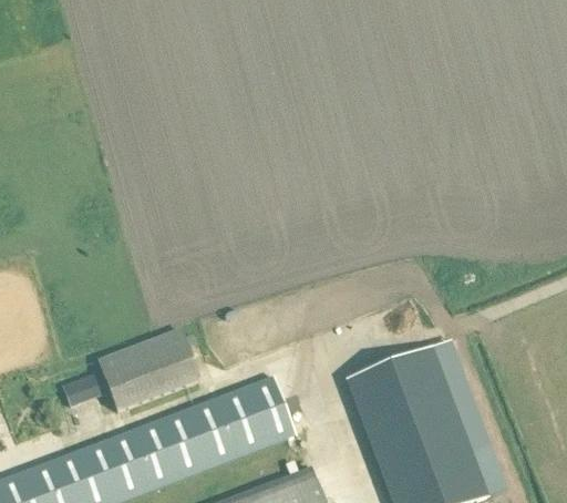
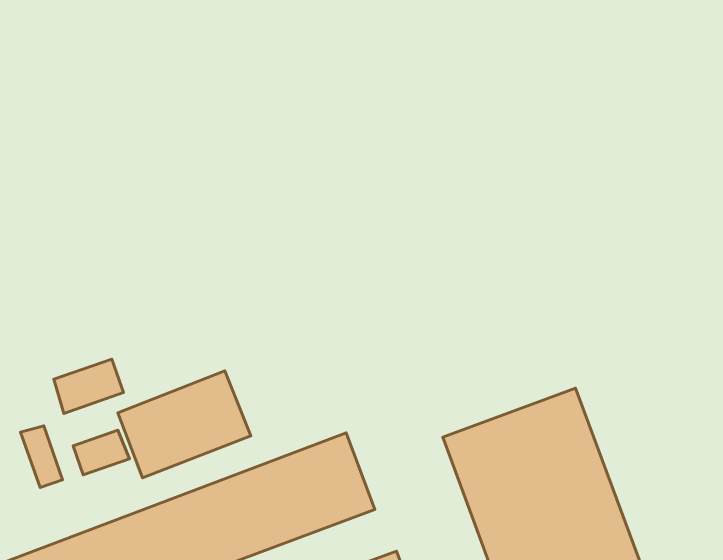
building: none -> [54,359,124,414]
building: none -> [21,426,63,488]

